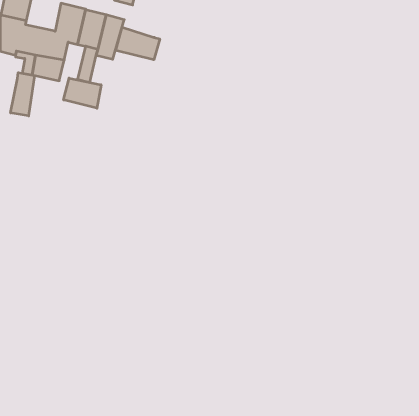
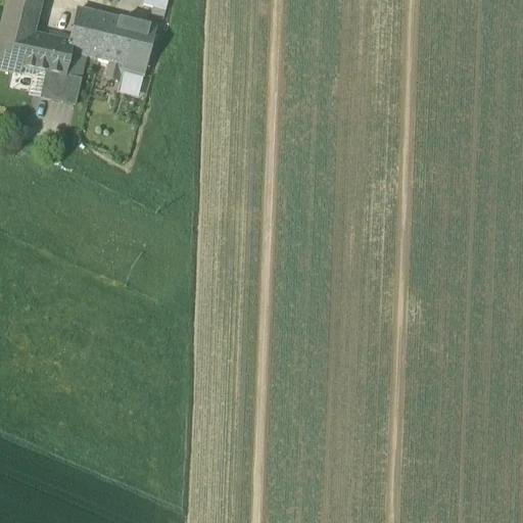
building: [116,27,160,60] -> none
building: [11,73,35,116] -> none
building: [64,78,101,108] -> none

